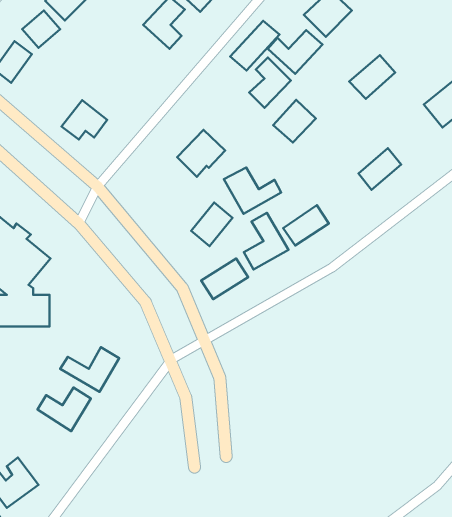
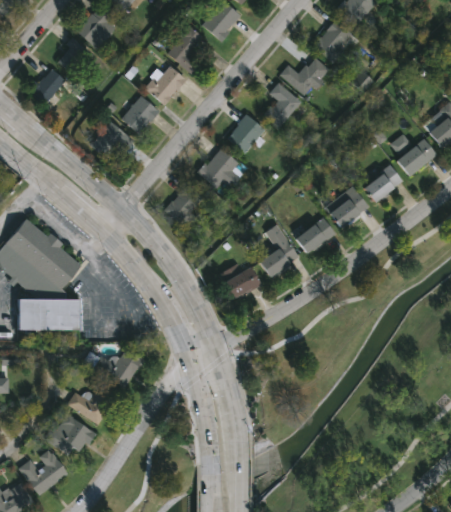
building: [230,21,279,70] -> none
building: none -> [146,64,186,105]
building: [349,55,395,99] -> [395,137,437,177]
building: none -> [120,95,158,134]
building: [273,100,316,143] -> [226,114,265,153]
building: [224,167,281,214] -> none
building: none -> [326,189,368,225]
building: [191,202,233,246] -> [166,184,204,224]
building: none -> [47,411,96,460]

